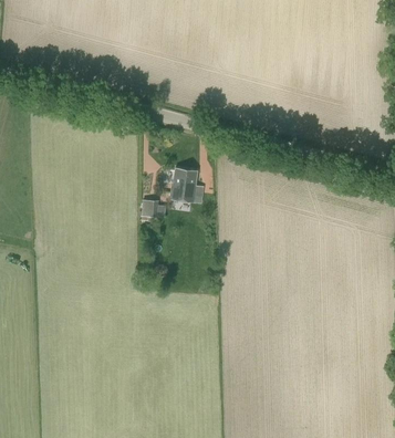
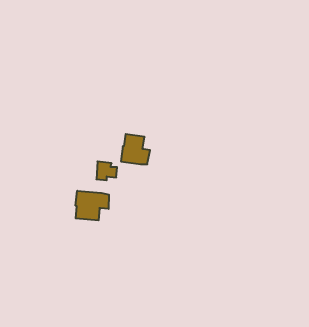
building: none -> [76,191,109,220]

